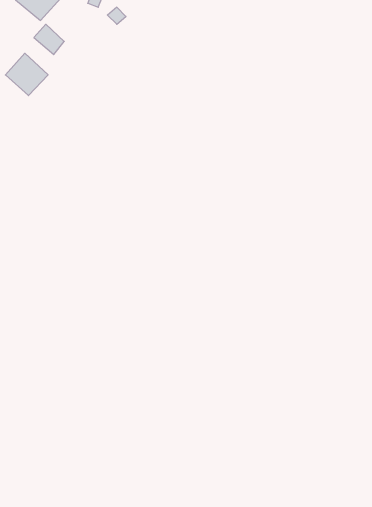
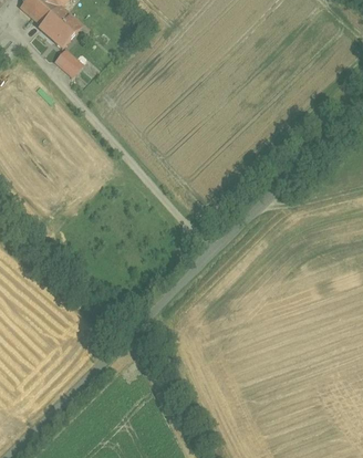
building: [5,53,48,96] -> none

